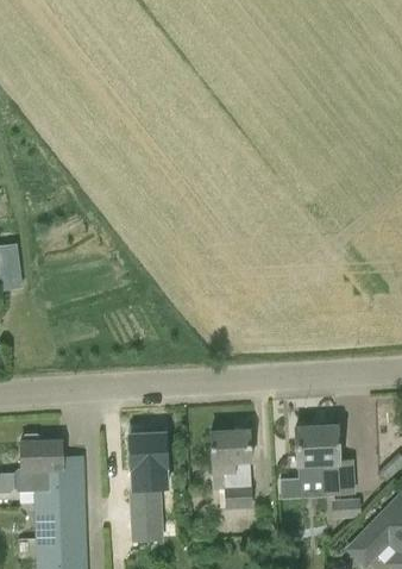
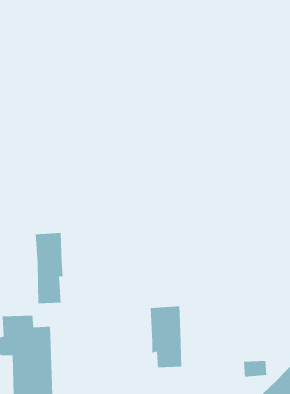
building: [294,425,354,498] -> none
building: [128,432,165,524] -> [35,232,63,304]

